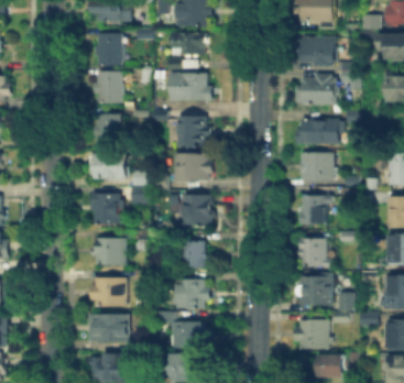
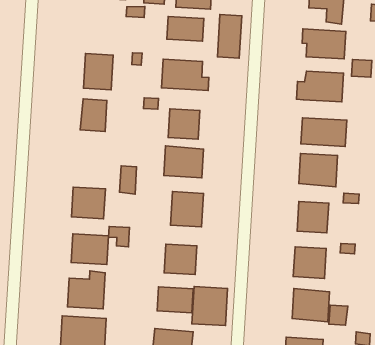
building: none -> [217,15,242,58]
building: [97,36,122,65] -> none
building: [91,155,128,177] -> none
building: none -> [192,287,227,326]

